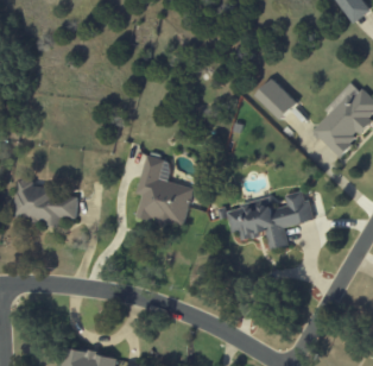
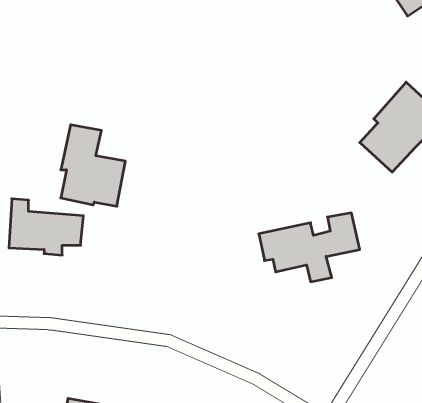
building: [255,78,297,119] -> none
building: [138,156,192,225] -> [61,125,125,206]

